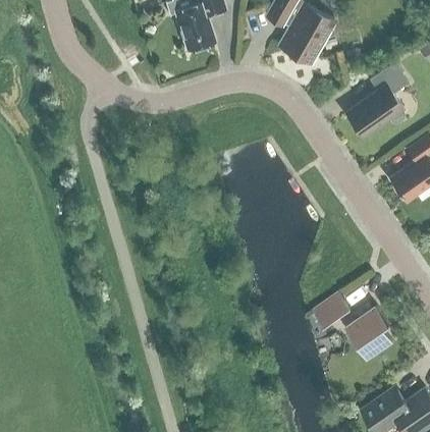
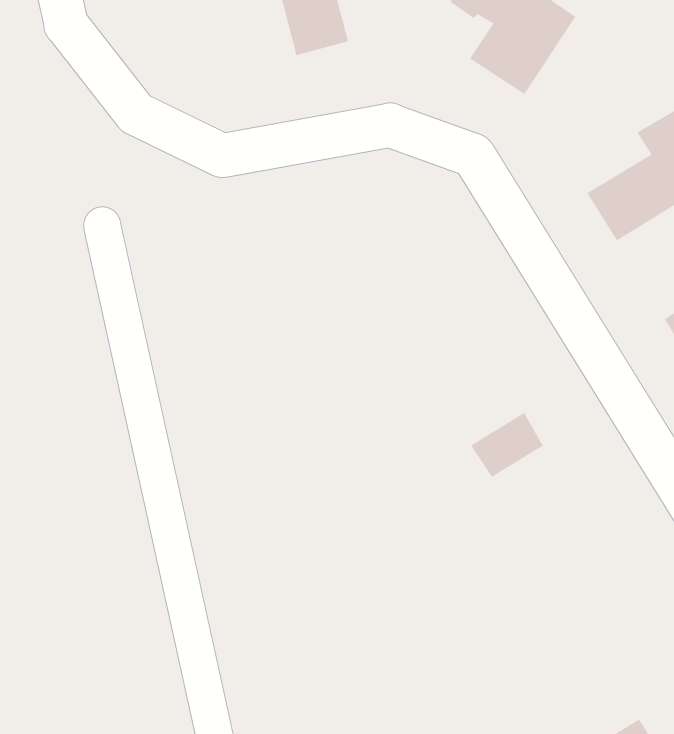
building: [312,291,351,327] -> [470,412,544,478]
building: [345,306,392,360] -> none

